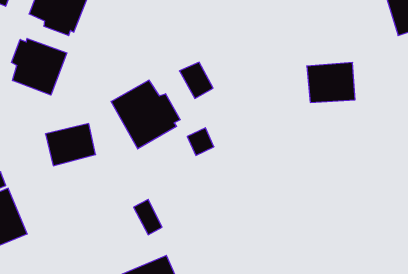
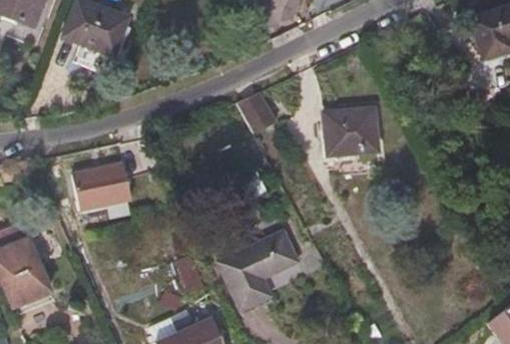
building: [12,38,67,95] -> none
building: [307,63,355,102] -> [317,109,373,155]
building: [111,80,180,149] -> none
building: none -> [220,230,302,311]

